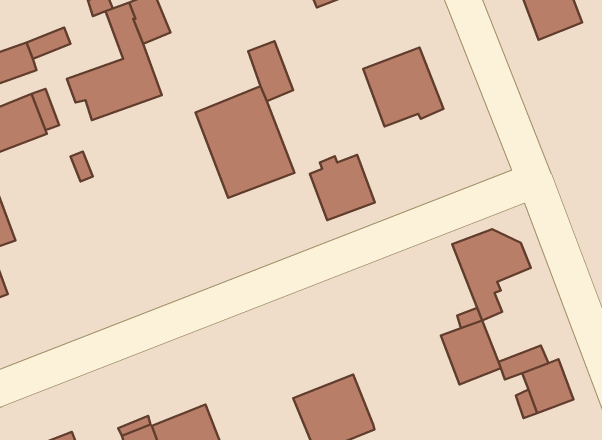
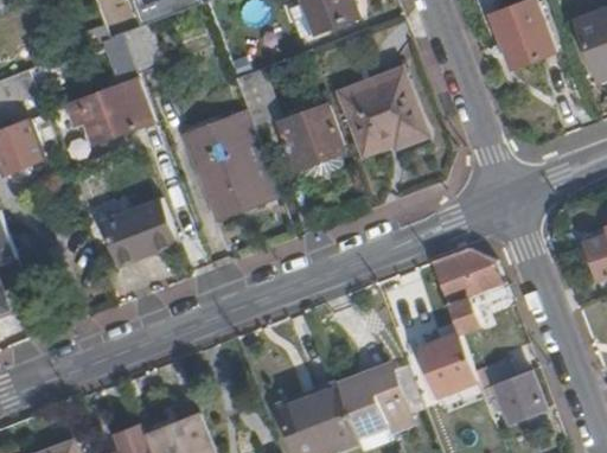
building: [310,155,375,220] -> [282,106,344,167]
building: none -> [98,197,179,268]
building: none -> [336,369,409,433]

